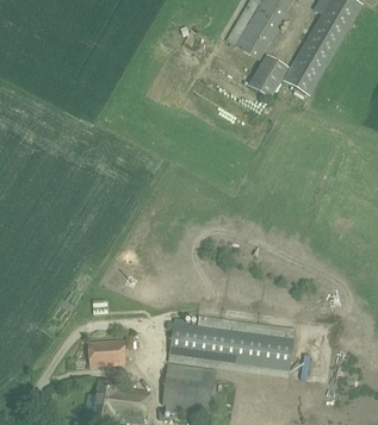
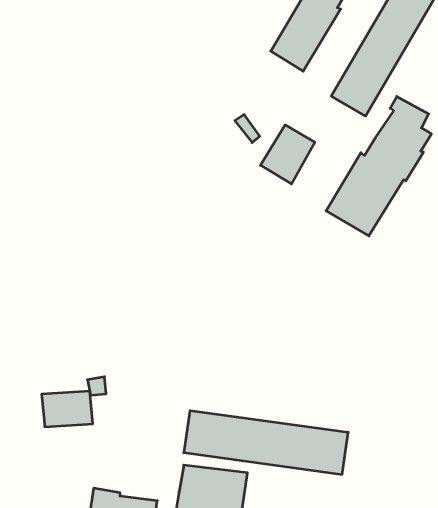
building: [247,55,289,100] -> [260,125,315,184]
building: none -> [326,96,431,236]
building: [87,339,126,367] -> [42,391,93,427]

